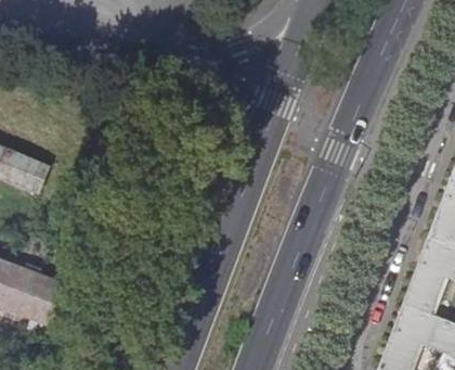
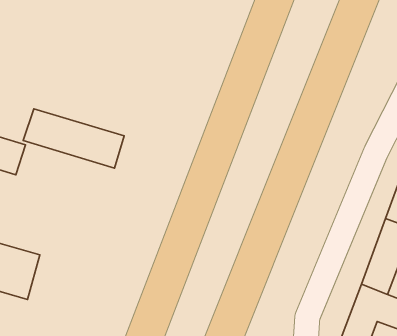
building: none -> [23,109,124,168]

